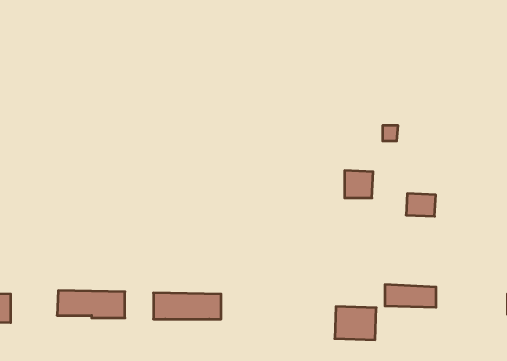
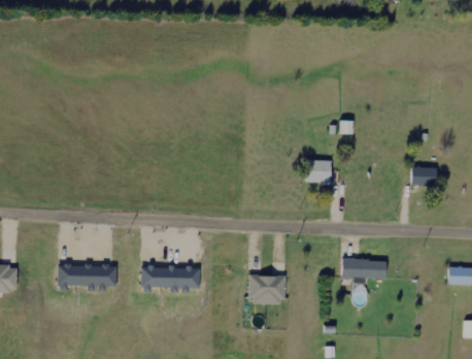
building: [406,194,436,216] -> [411,167,437,187]
building: [335,307,376,340] -> [249,275,285,304]

